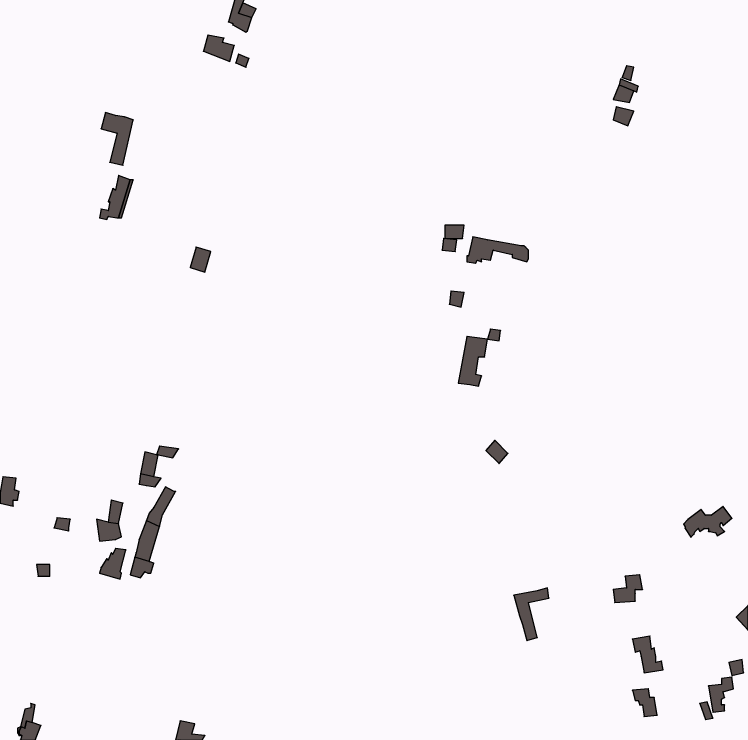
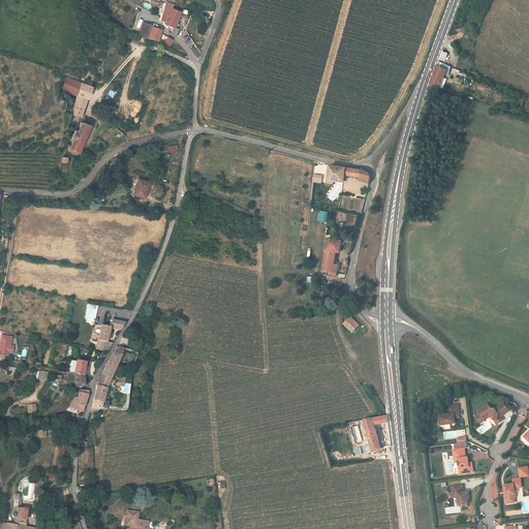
building: [684,506,732,537] -> [469,403,503,425]

